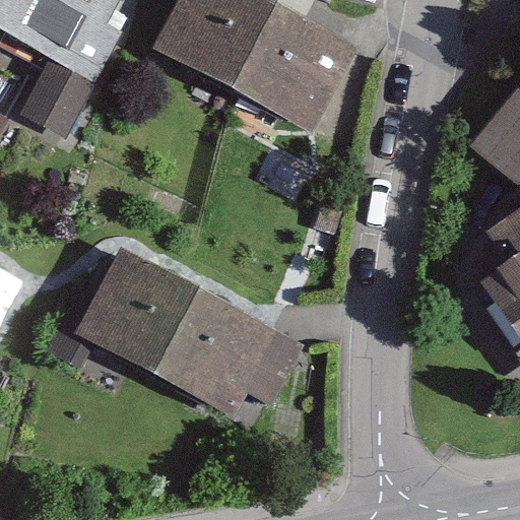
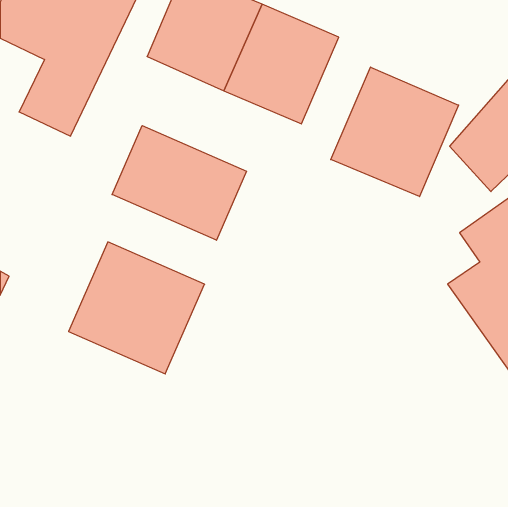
building: none -> [331,67,459,197]
building: none -> [112,126,246,240]
building: [174,286,312,419] -> none

